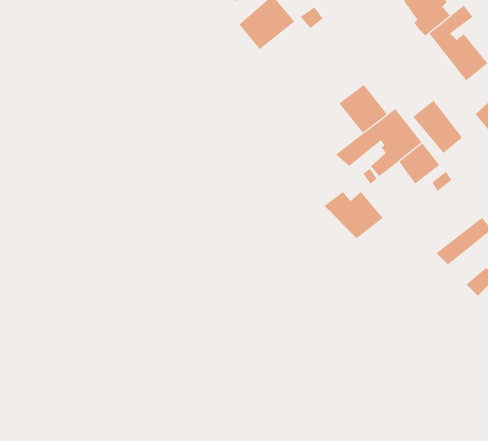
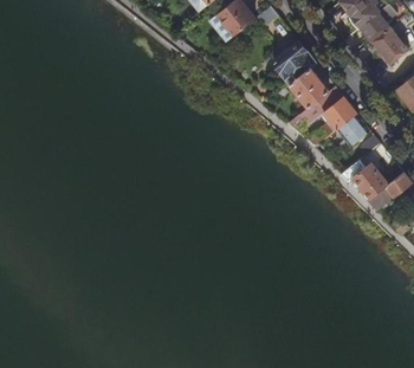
building: none -> [273,41,316,83]
building: [412,100,463,154] -> none
building: [324,191,384,239] -> [341,163,388,201]

